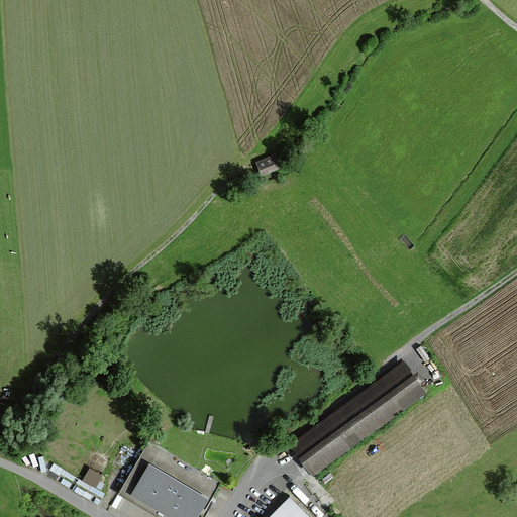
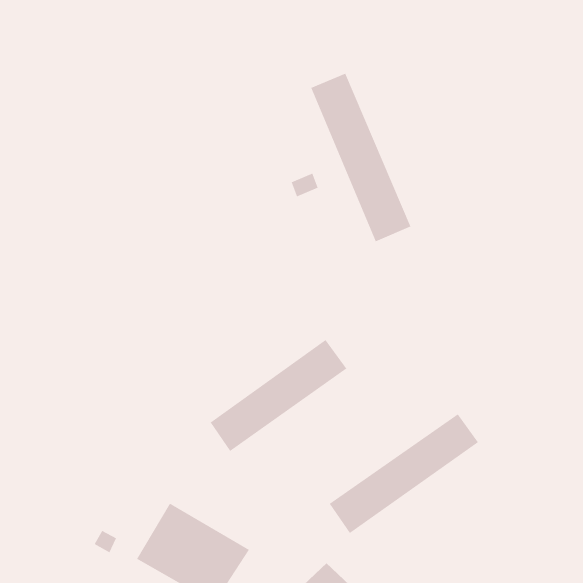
building: none -> [310,73,411,242]
building: none -> [210,339,347,452]

